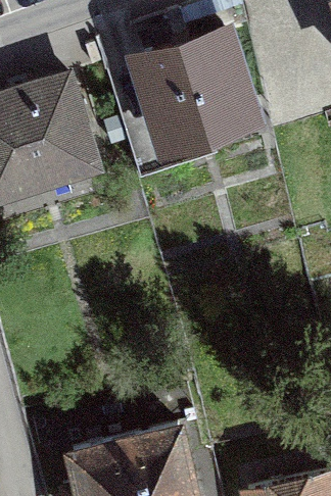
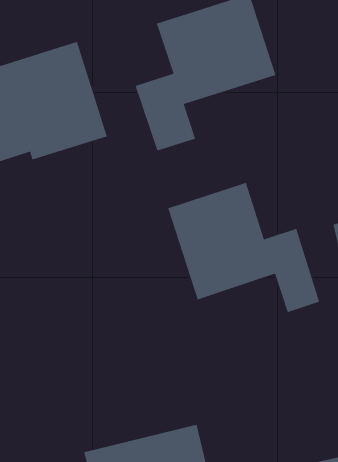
building: none -> [167,182,320,313]

